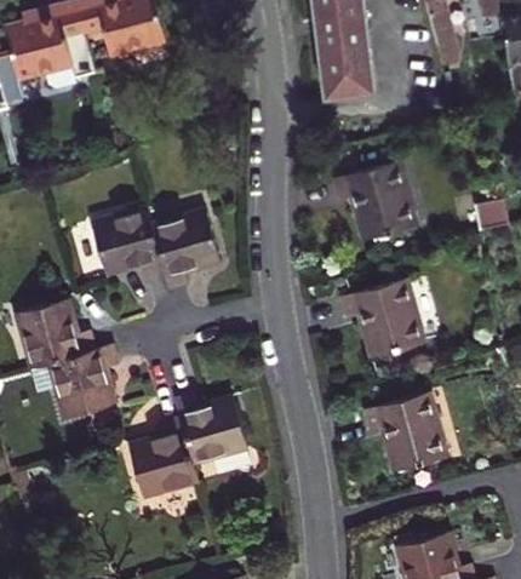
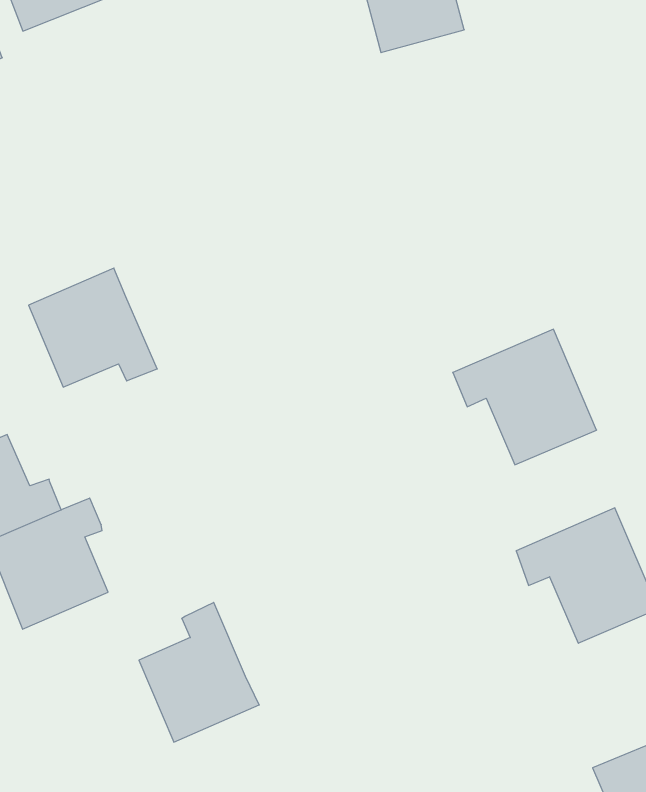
building: [334,161,417,240] -> none
building: [150,208,221,290] -> none
building: [174,392,247,464] -> none

